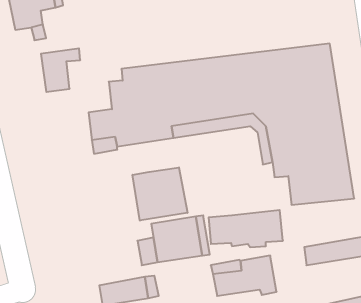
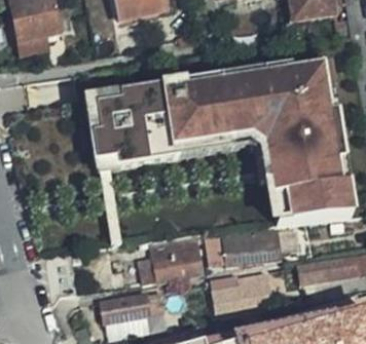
building: [41,48,80,92] -> [86,92,124,135]
building: [133,167,187,221] -> none

